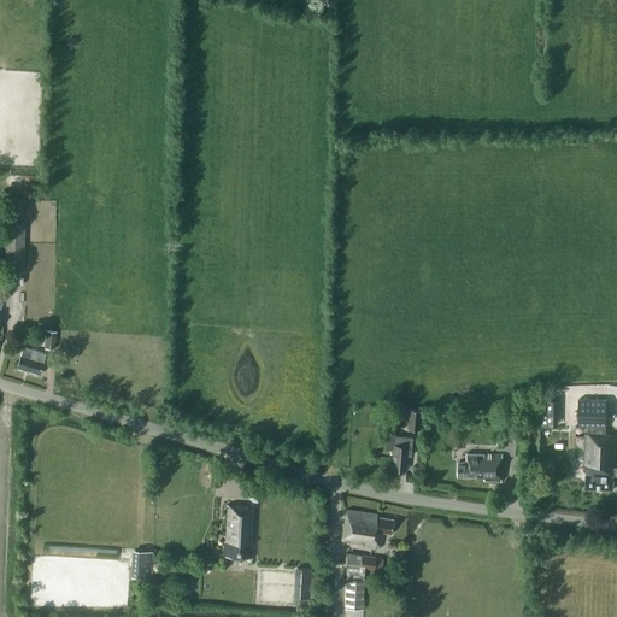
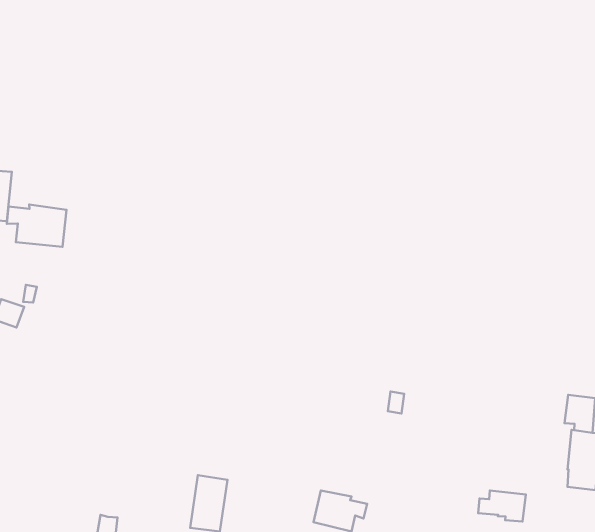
building: none -> [7,204,66,247]
building: [384,433,412,470] -> none
building: [458,453,503,481] -> [478,491,526,522]

